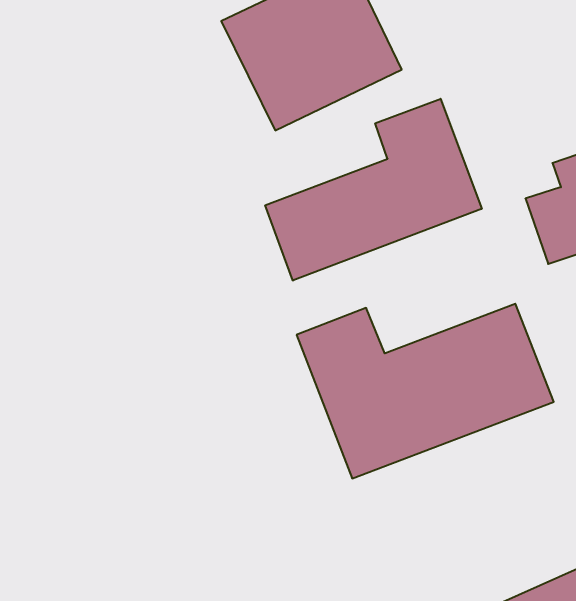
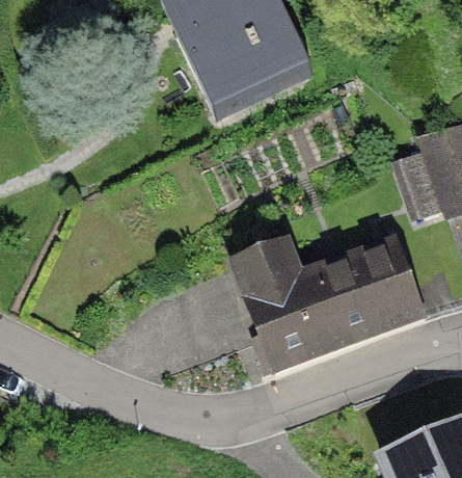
building: [265,99,482,281] -> none

